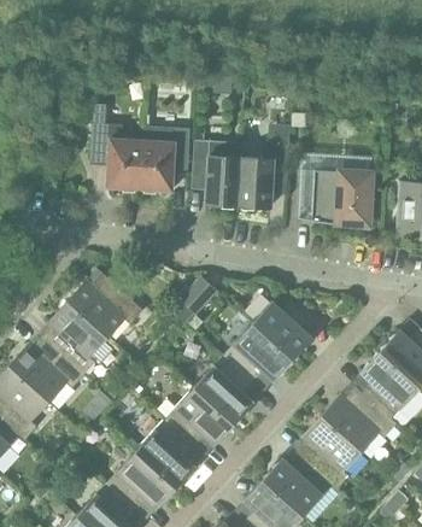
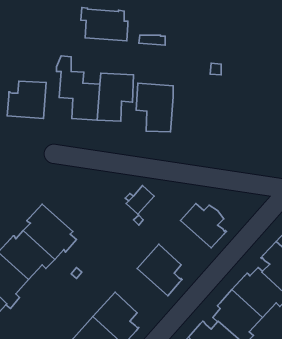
building: none -> [81,7,128,41]
building: none -> [7,81,46,119]
building: [239,145,289,207] -> none
building: [299,170,371,230] -> none
building: [68,273,143,338] -> none
building: [223,323,293,382] -> none
building: [165,387,235,446] -> none

